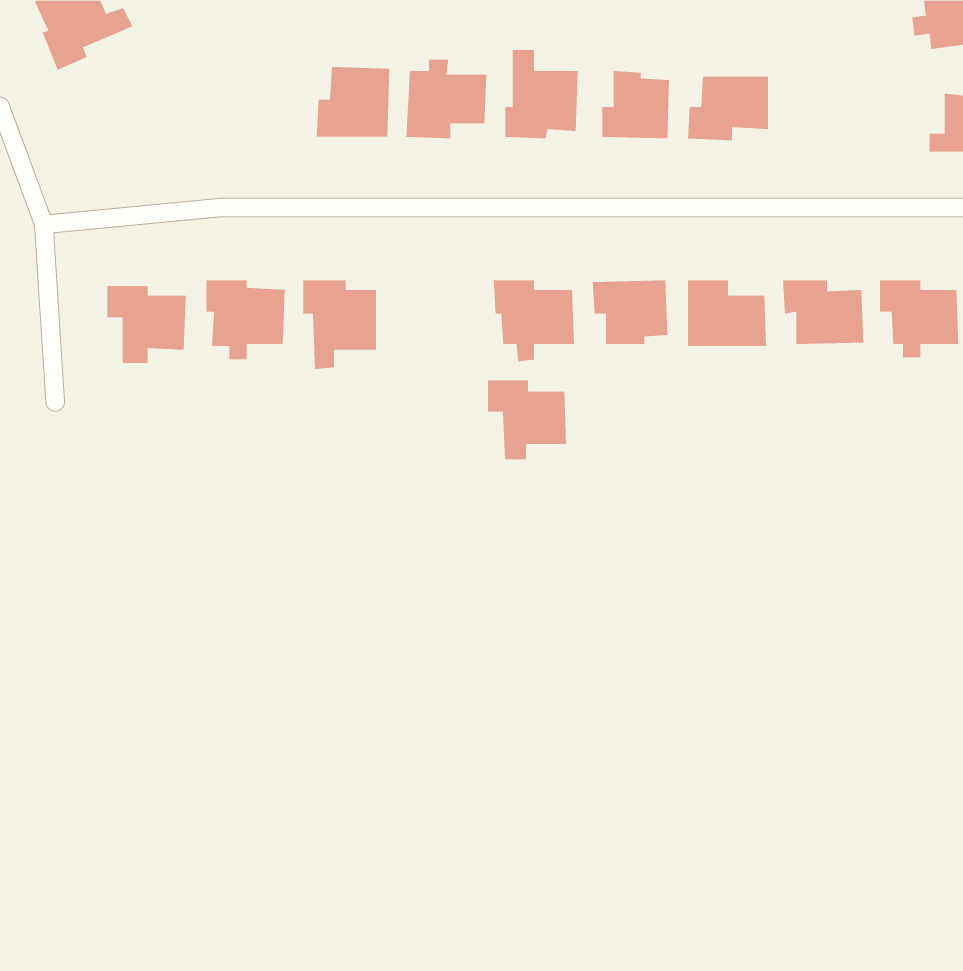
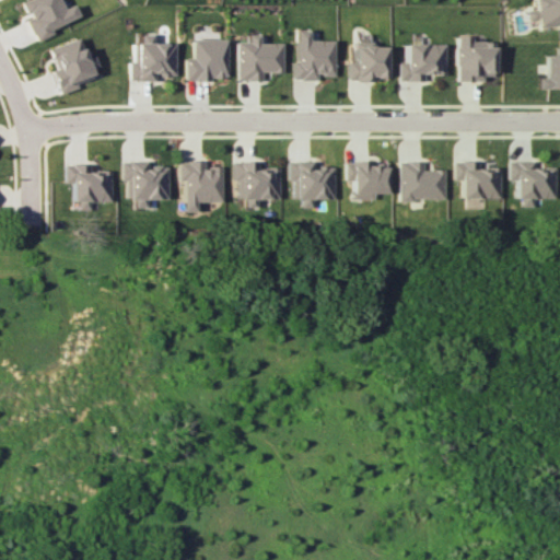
building: none -> [131,35,178,81]
building: none -> [458,37,497,82]
building: none -> [52,39,101,94]
building: [487,380,567,460] -> [234,162,280,208]

